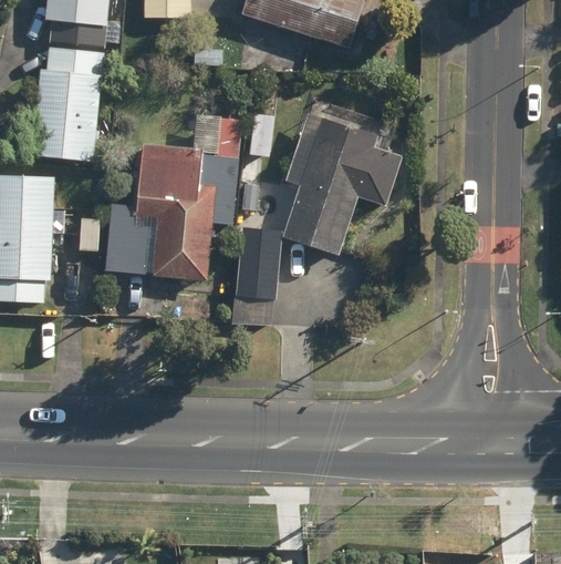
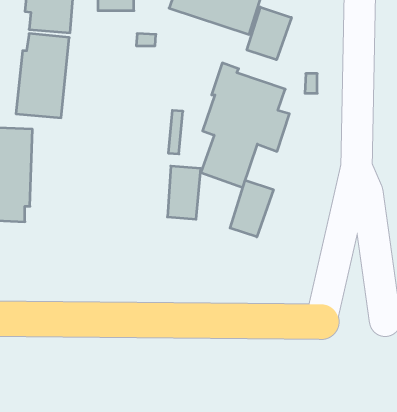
building: none -> [247,7,291,60]
building: [104,119,241,279] -> none
building: none -> [230,180,273,237]

